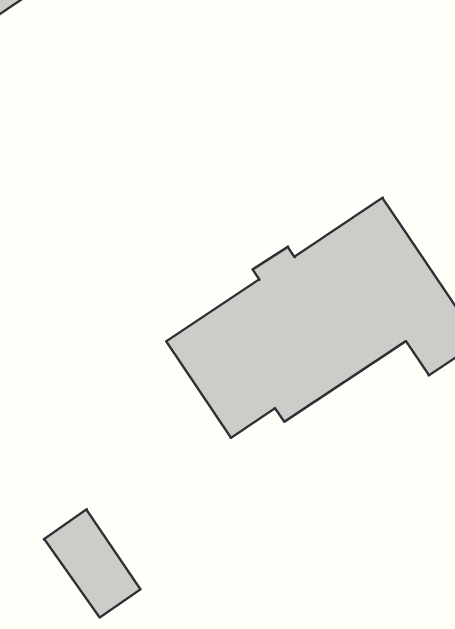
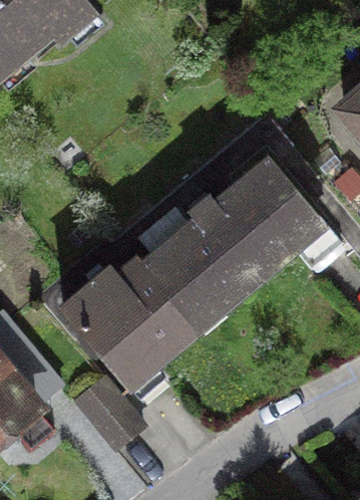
building: none -> [62,260,196,387]

